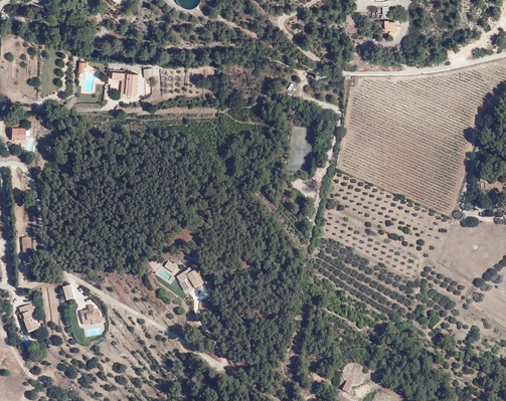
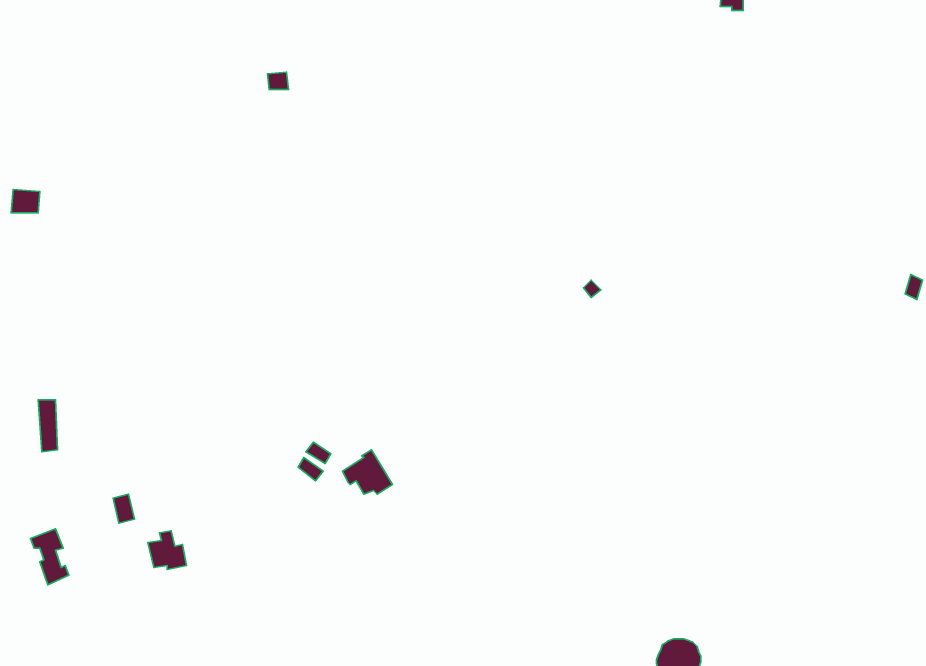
building: [110,70,135,93] -> none

